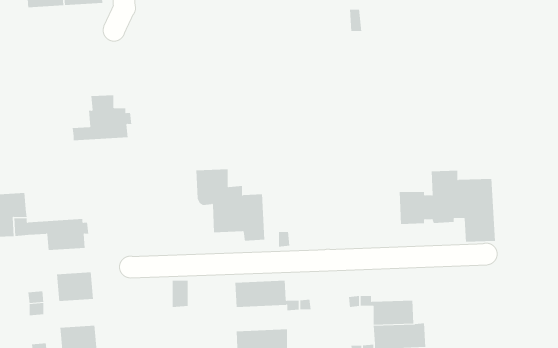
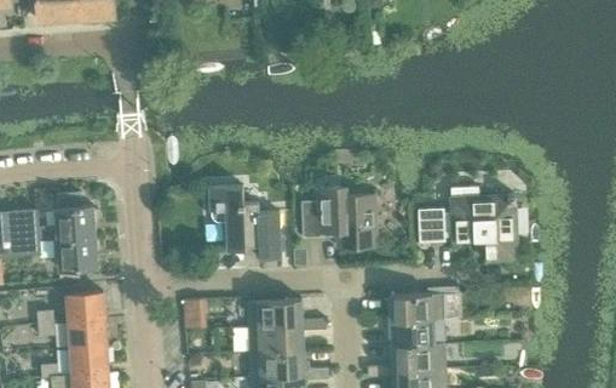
building: [72,95,132,141] -> [36,193,98,240]
building: none -> [301,188,376,247]
building: none -> [388,286,459,321]
building: none -> [69,319,106,348]
building: none -> [251,325,304,352]

